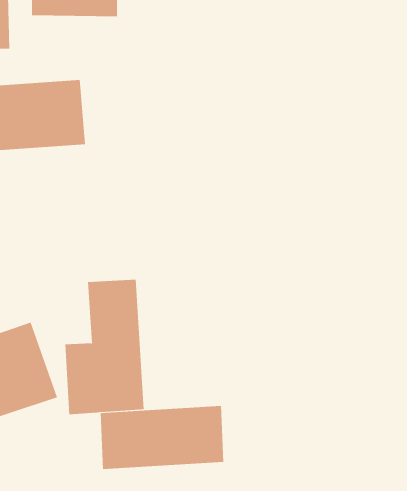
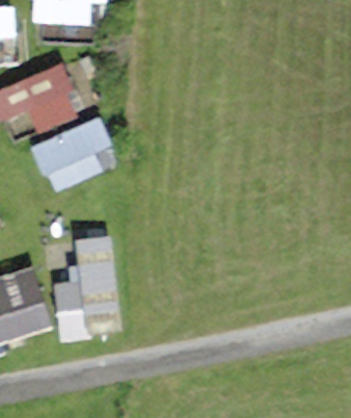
building: none -> [30,115,116,191]
building: [100,405,224,470] -> none

